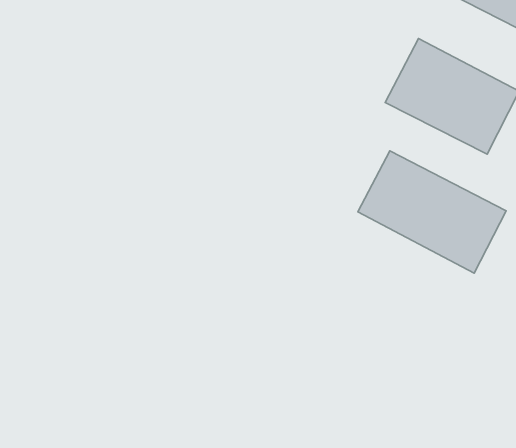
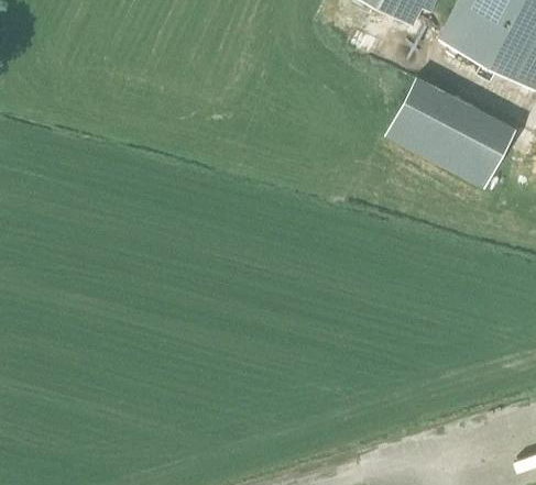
building: [358,151,506,273] -> none

